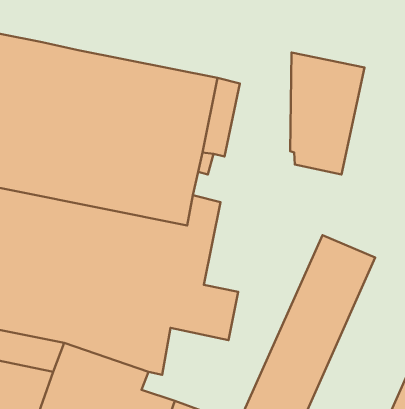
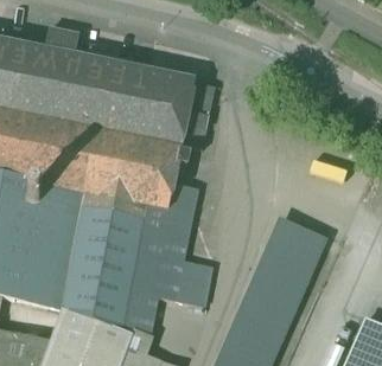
building: none -> [44,27,79,57]
building: [290,53,364,174] -> none

